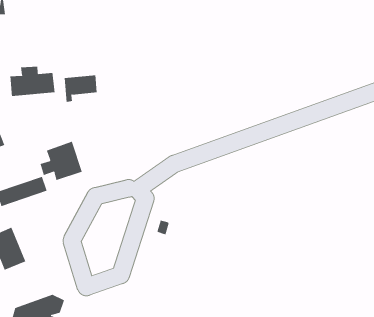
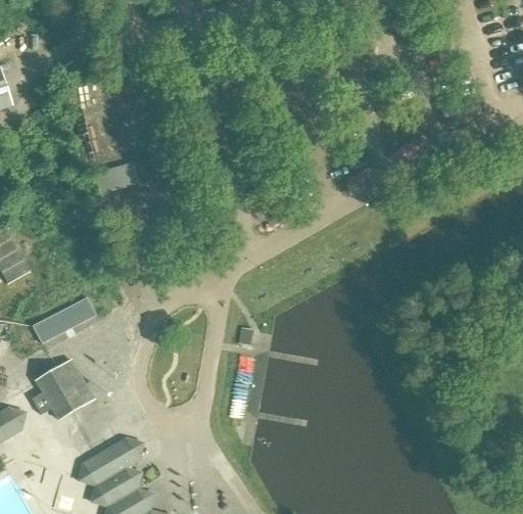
building: [10,66,55,97] -> none
building: [40,141,83,181] -> none

